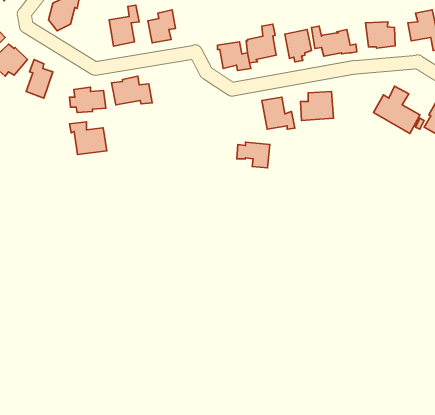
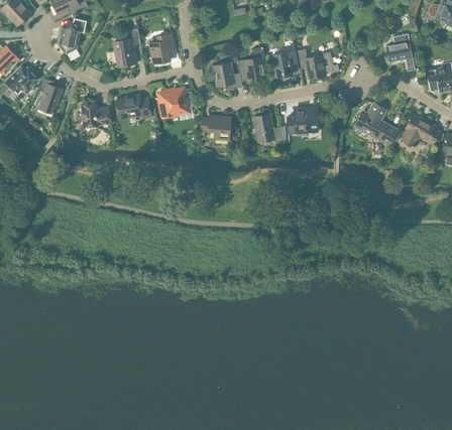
building: [366,22,395,48] -> none
building: none -> [158,87,195,119]
building: [70,122,107,155] -> none
building: [237,142,270,168] -> [200,116,230,139]

